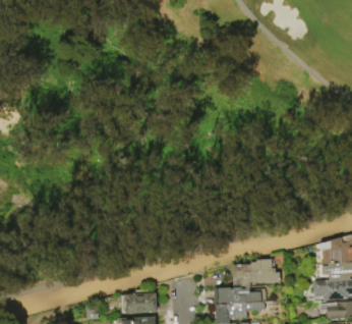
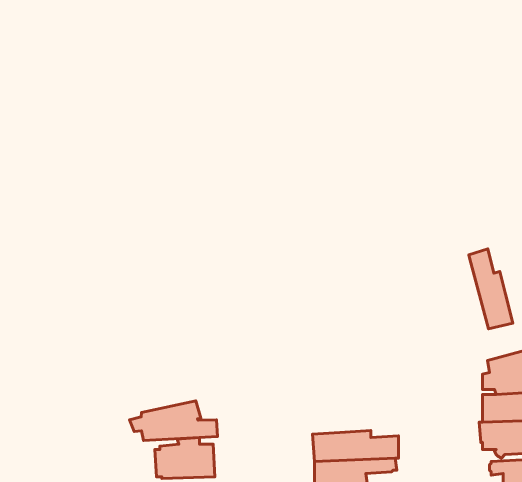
building: none -> [469,249,513,329]
building: [232,259,281,286] -> none
building: none -> [130,401,218,440]

